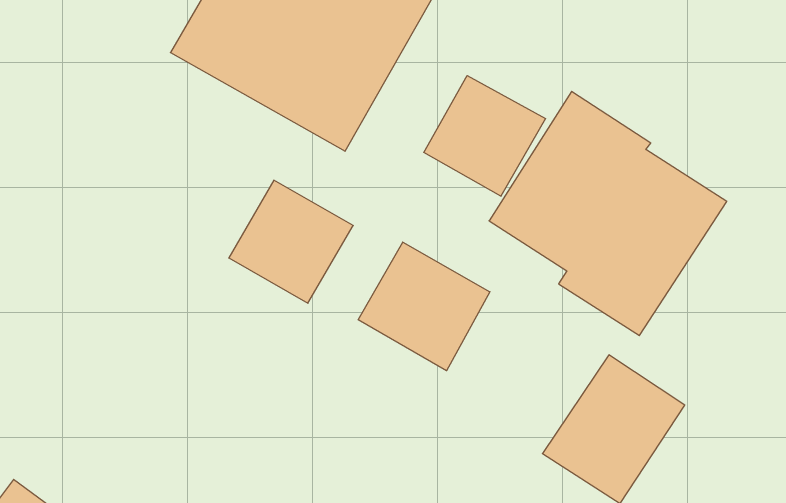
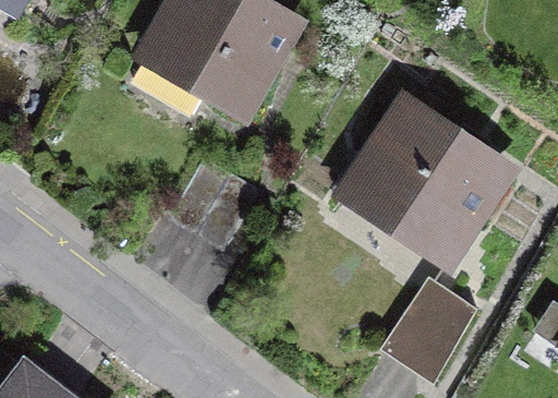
building: [424,76,546,196] -> none
building: [358,242,490,371] -> none

